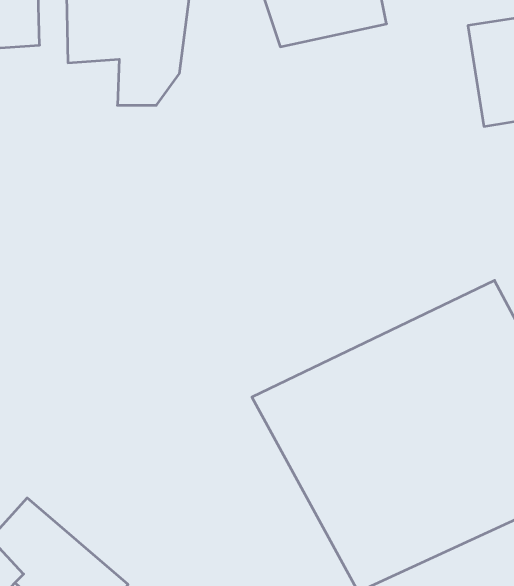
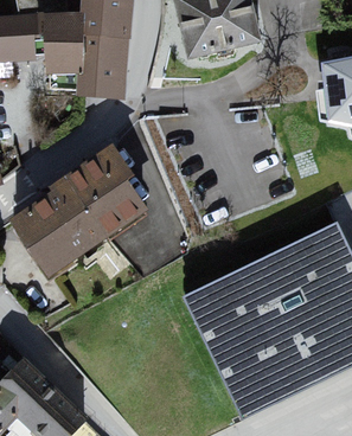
building: none -> [8,145,153,281]

